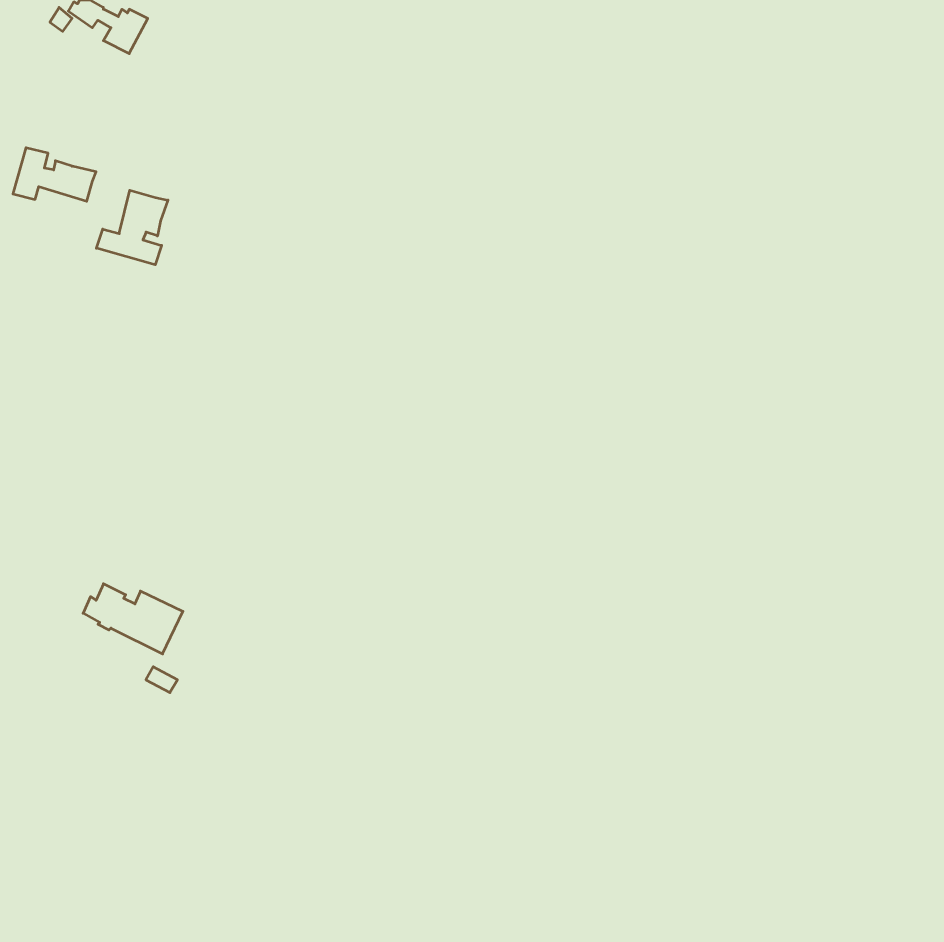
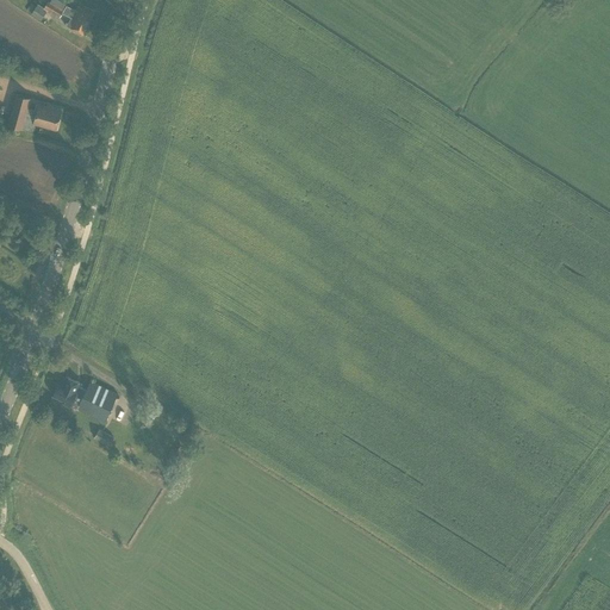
building: [96,190,168,265] -> none

